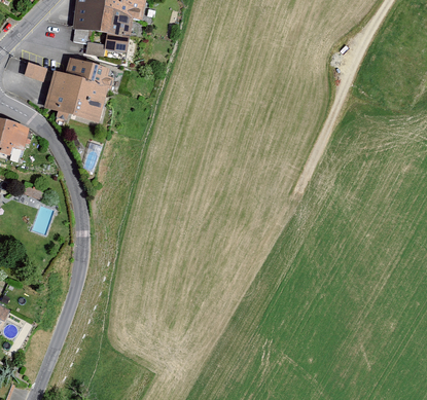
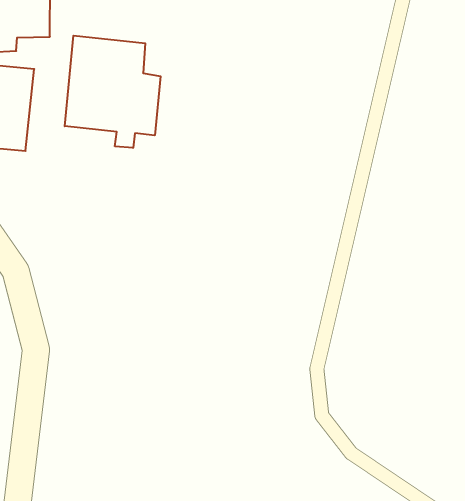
building: none -> [65,36,161,148]

